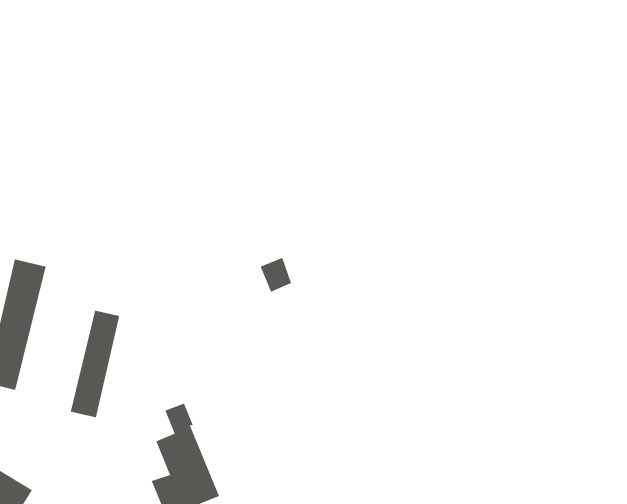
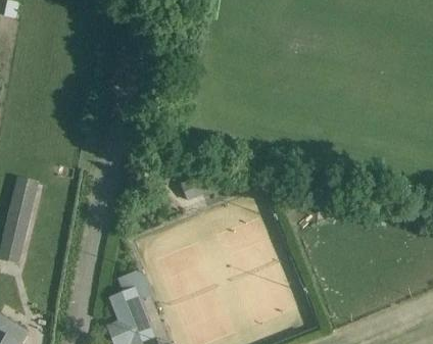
building: [70,310,120,418] -> none

